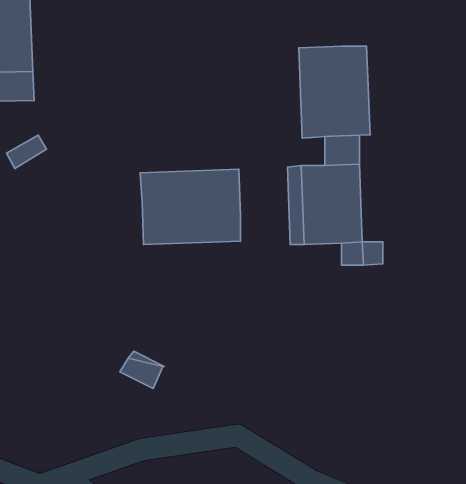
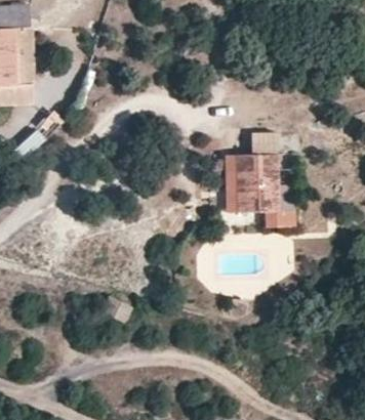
building: [299,46,370,138] -> none
building: [140,169,240,245] -> none

